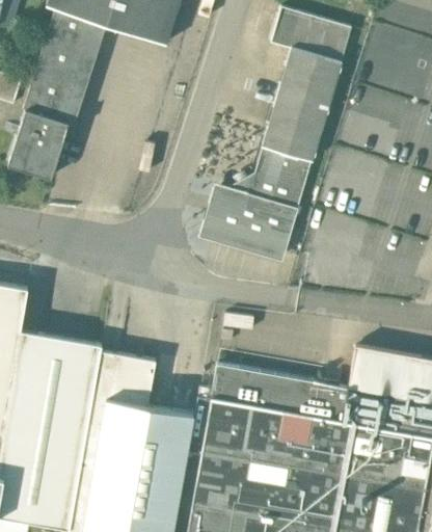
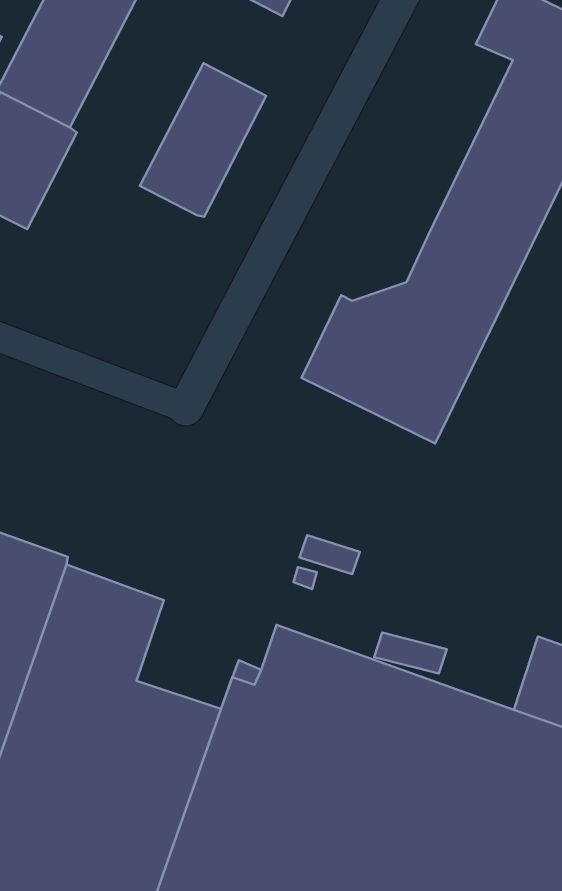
building: none -> [140,63,266,217]

